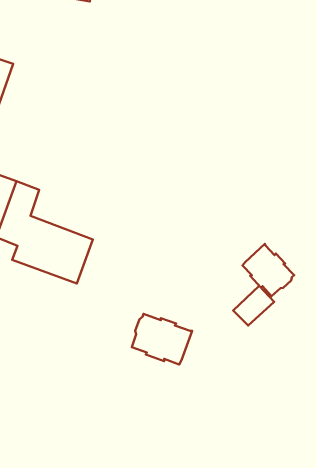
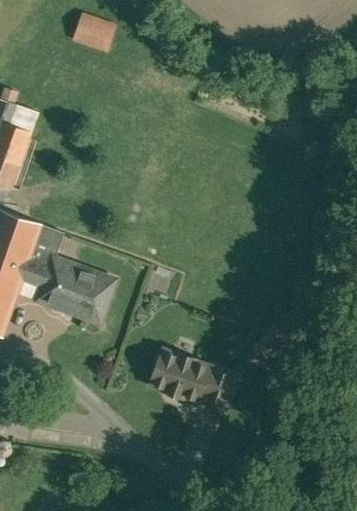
building: [243,244,294,296] -> none
building: none -> [199,366,237,406]

